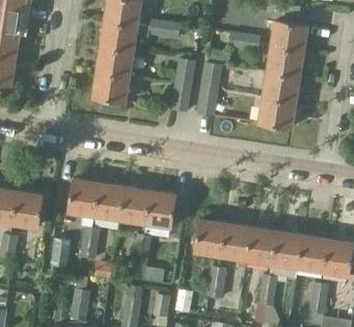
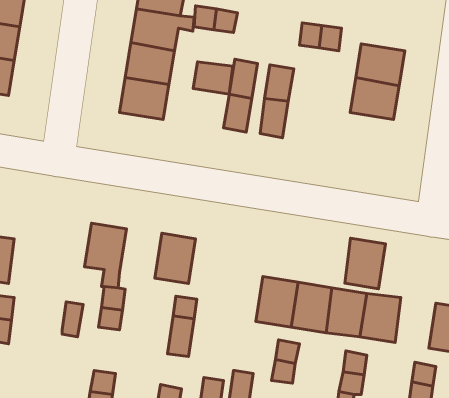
building: [272,21,308,52] -> none
building: none -> [193,62,233,94]
building: [260,98,296,129] -> none
building: [93,184,125,220] -> none
building: [11,191,42,228] -> none
building: [144,191,175,228] -> none
building: [297,235,327,272] -> [345,238,386,289]

